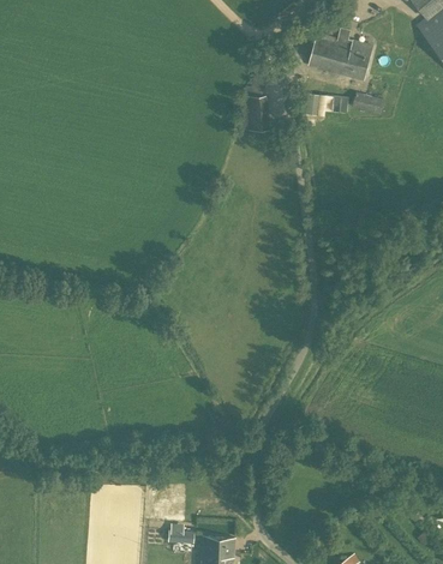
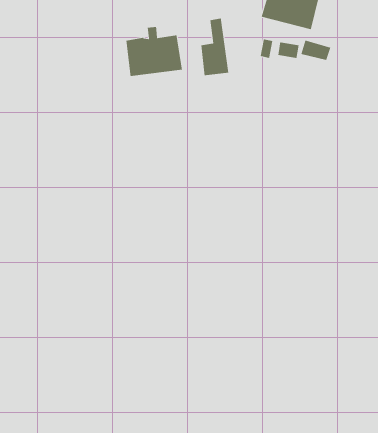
building: none -> [126,26,182,77]

